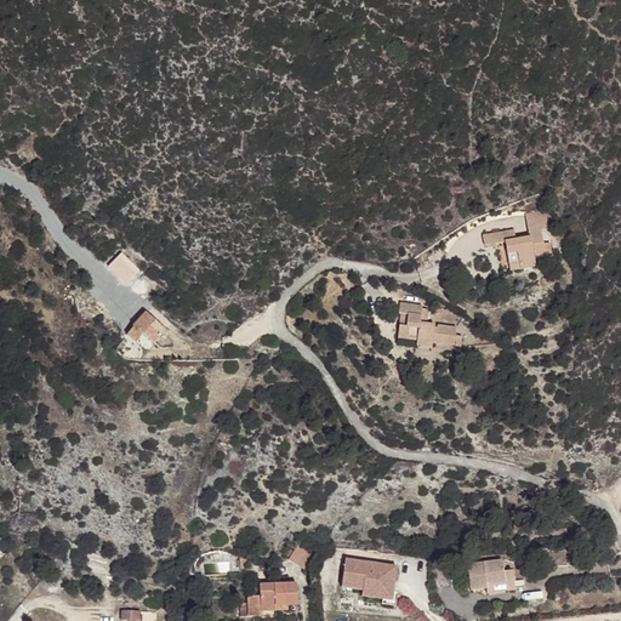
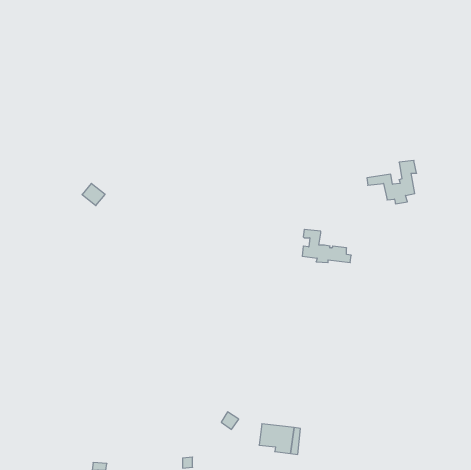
building: [127,310,165,342] -> none
building: [467,559,514,592] -> none
building: [260,582,297,610] -> none

